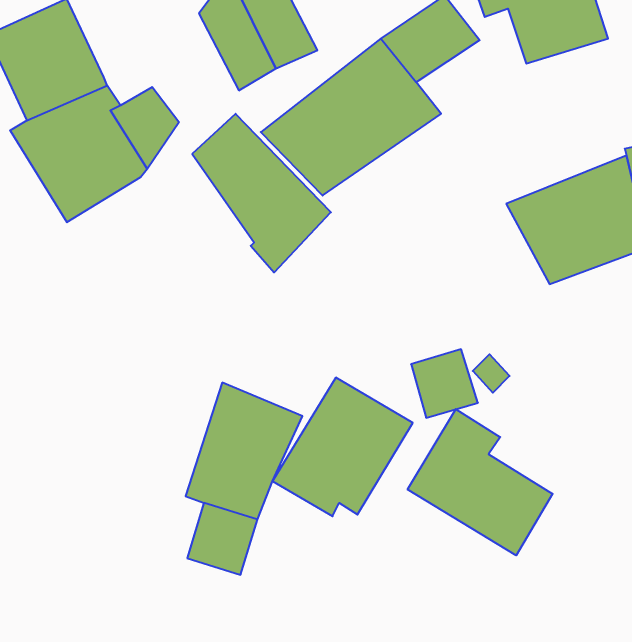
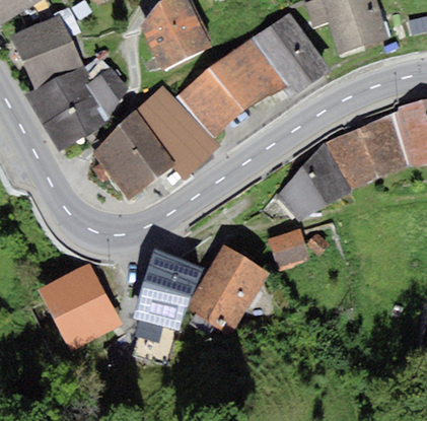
building: none -> [272,40,333,94]
building: none -> [93,109,173,199]
building: none -> [276,139,353,220]
building: none -> [38,261,122,350]
building: [408,409,553,555] -> none

